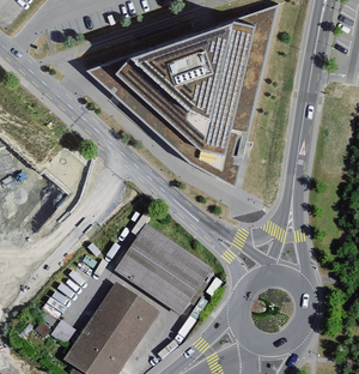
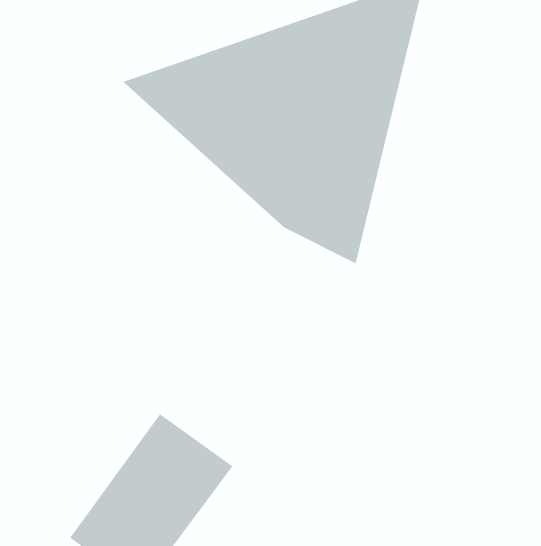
building: [114,225,212,315] -> none

